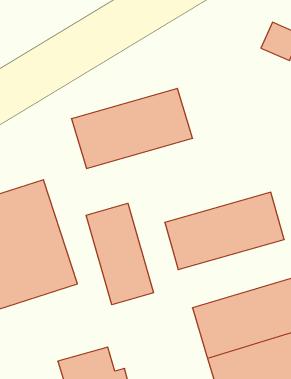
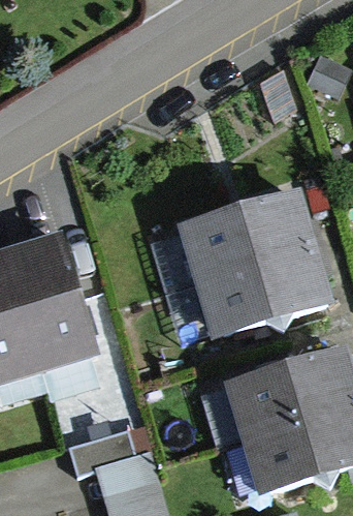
building: [71,88,193,169] -> [178,190,318,283]
building: [86,203,153,305] -> none

